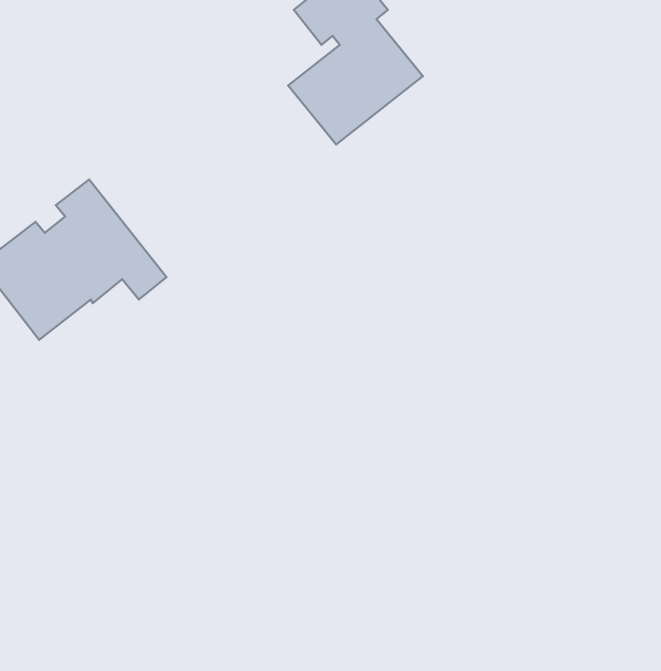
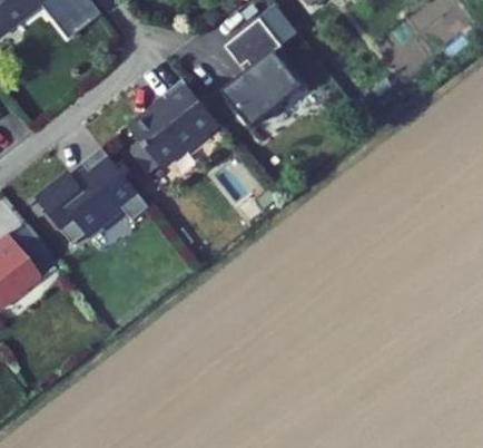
building: none -> [131,80,217,166]

